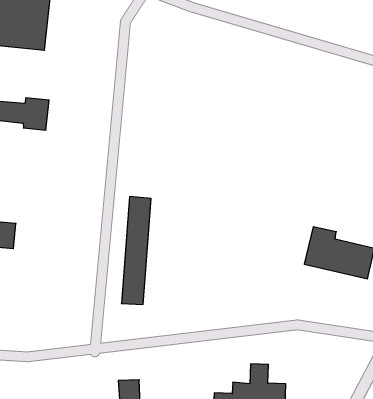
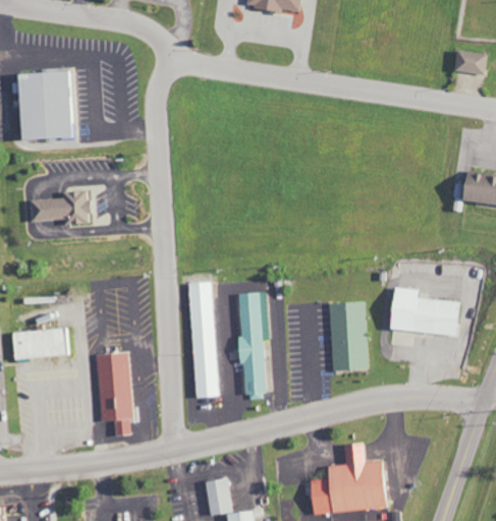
building: none -> [237,292,269,400]
building: none -> [329,302,368,371]
building: none -> [98,353,132,437]

